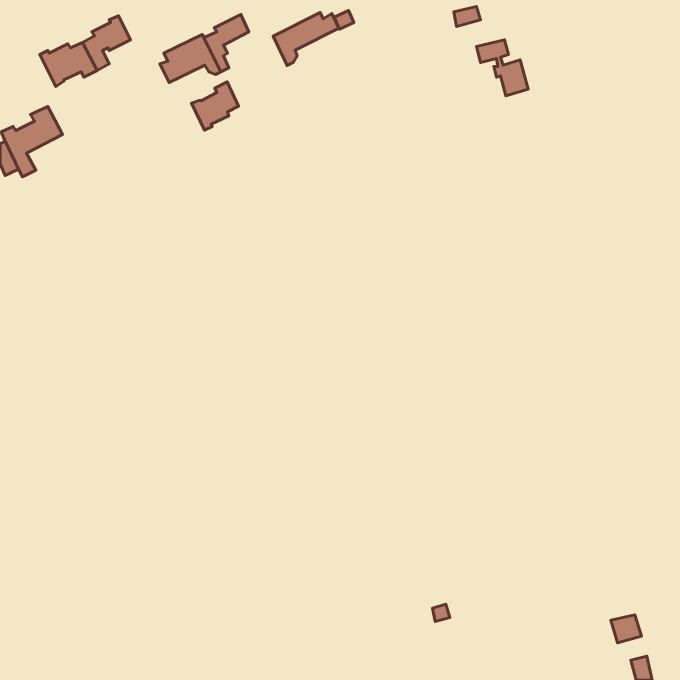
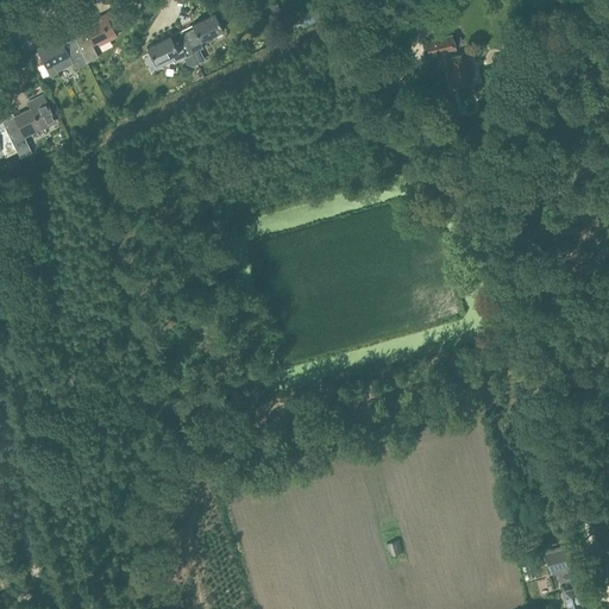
building: [273,13,339,66] -> none
building: [192,82,238,130] -> none

